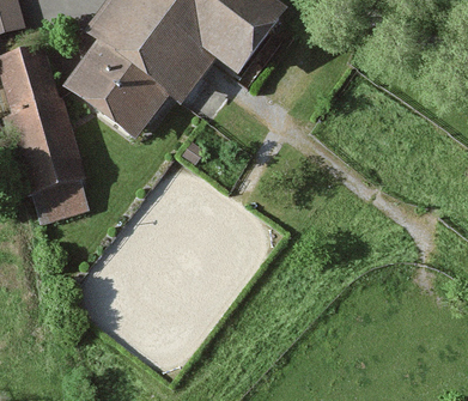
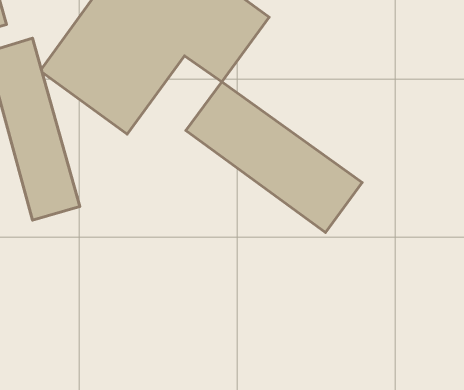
building: none -> [186,82,362,232]

